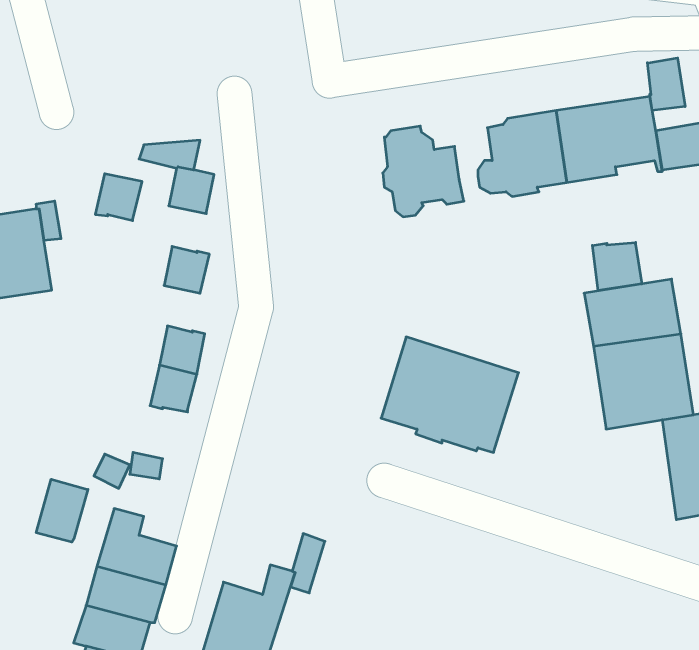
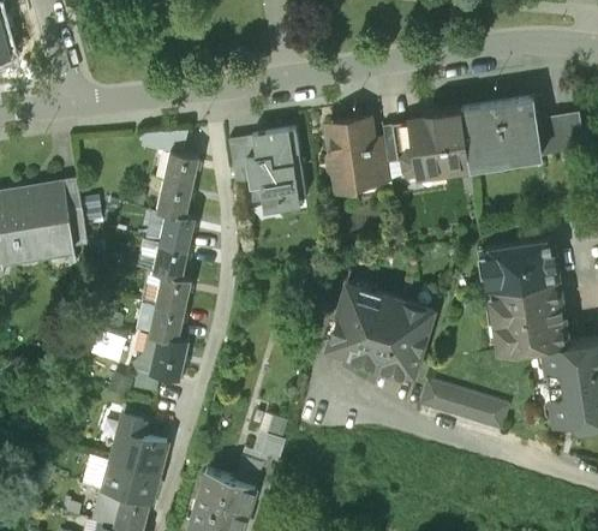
building: [647,58,685,111] -> none
building: none -> [382,121,412,161]
building: none -> [228,127,305,209]
building: [95,174,142,221] -> [156,181,192,217]
building: [592,242,642,290] -> none
building: none -> [153,243,187,279]
building: none -> [136,335,187,378]
building: none -> [418,380,508,431]
building: [36,479,88,542] -> none

